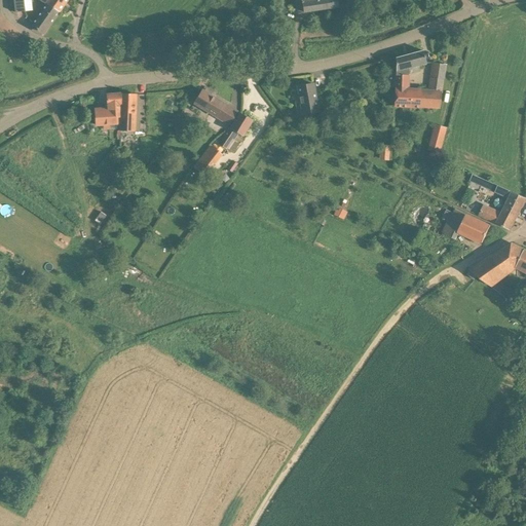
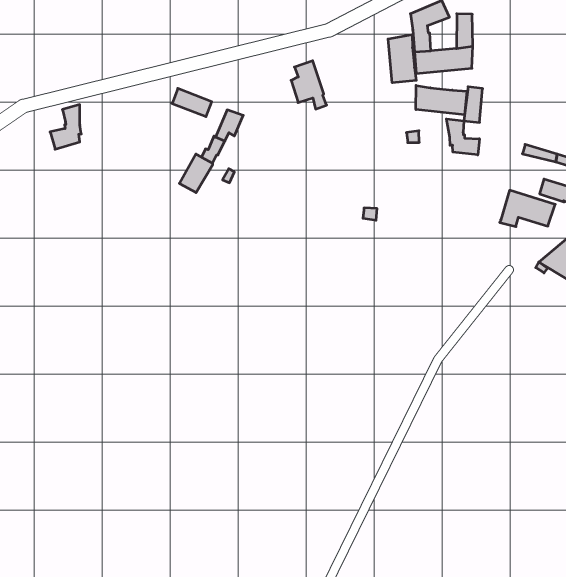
building: none -> [388,35,416,83]
building: [120,92,136,137] -> none
building: none -> [416,85,467,115]
building: none -> [446,119,479,155]

